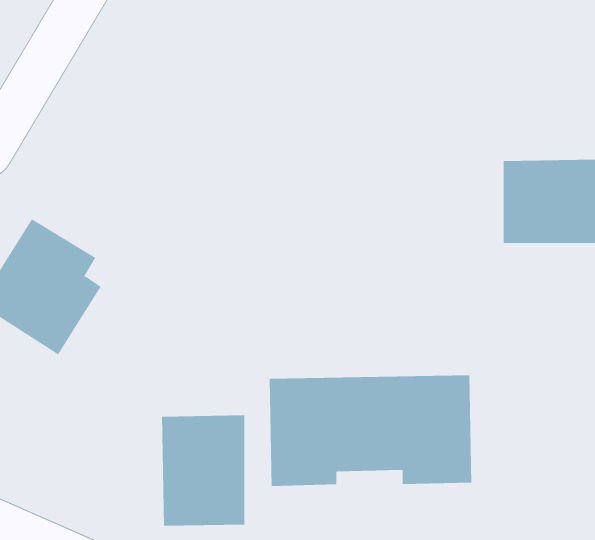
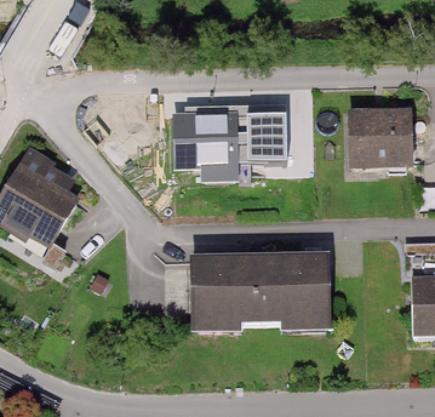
building: none -> [176,105,287,176]
building: [162,415,245,527] -> none

